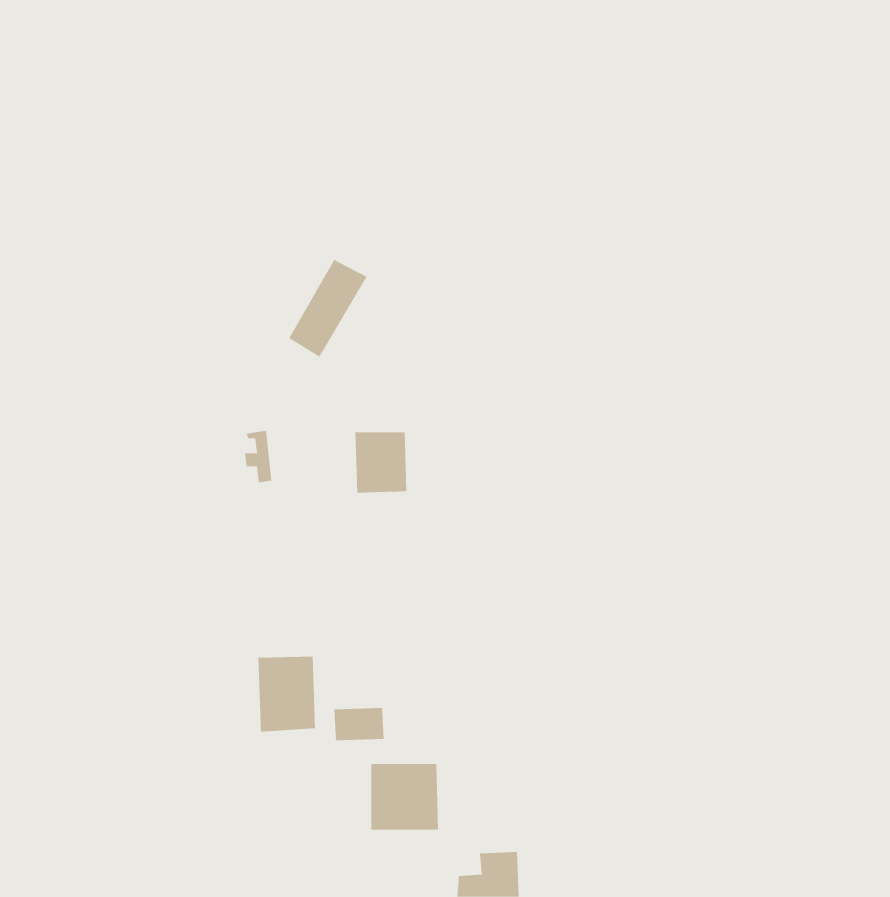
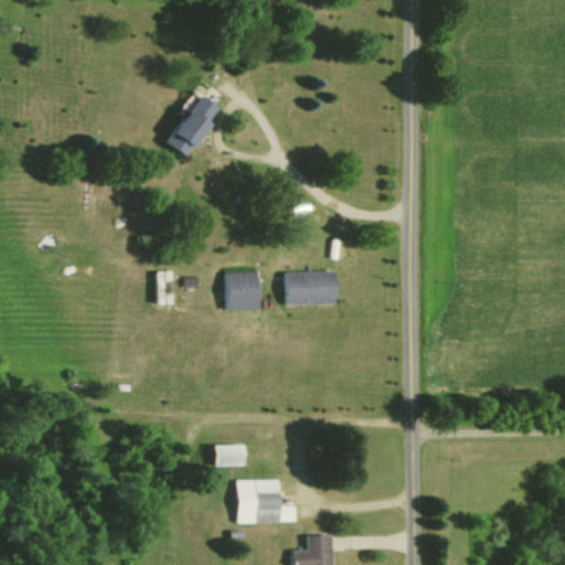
building: [288,259,367,358] -> [167,95,216,157]
building: none -> [288,270,339,303]
building: [258,656,316,733] -> none

